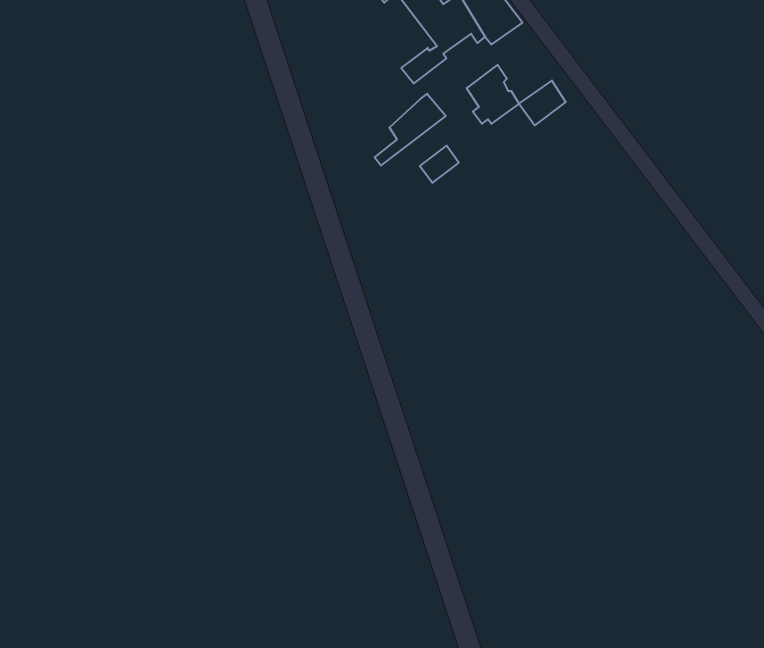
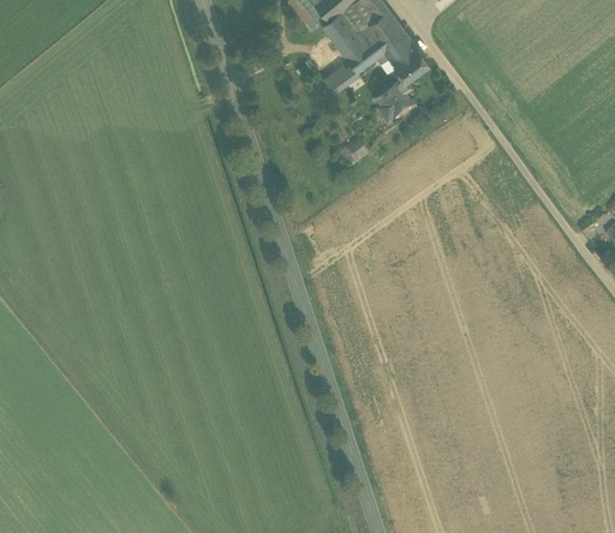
building: [519,80,566,125] -> [390,44,426,79]
building: [375,94,446,166] -> none

